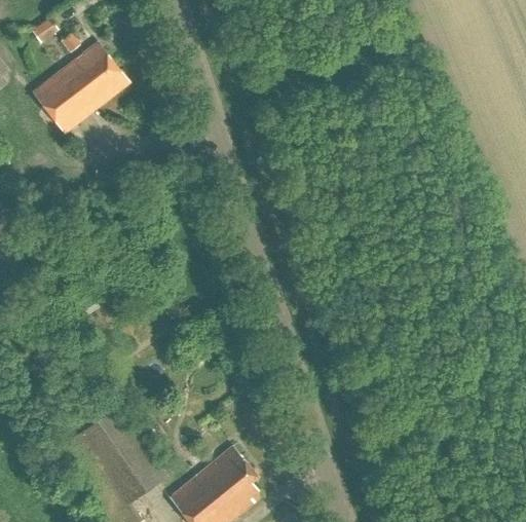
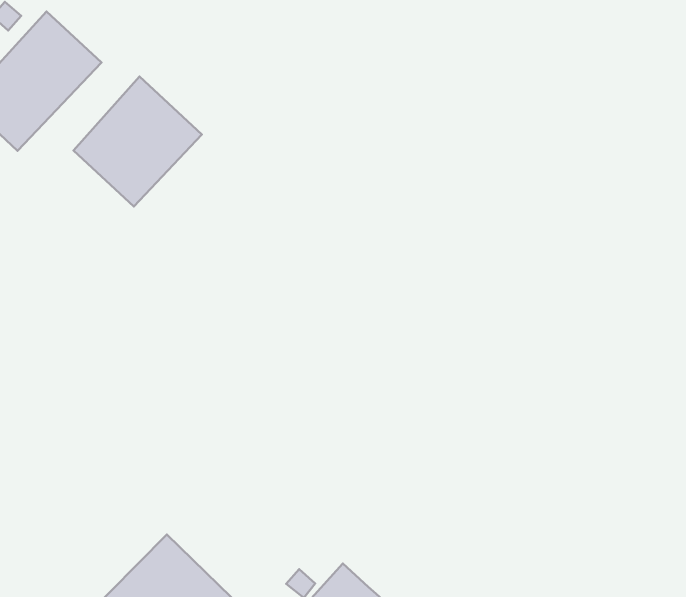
building: none -> [73,77,202,206]

